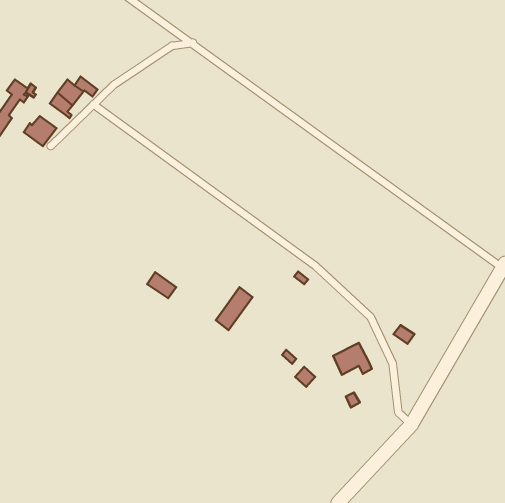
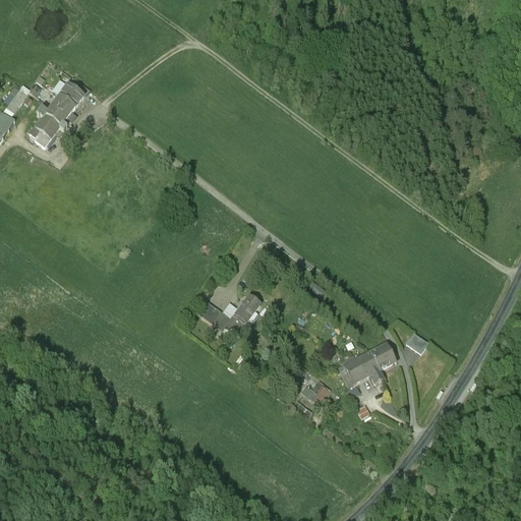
building: none -> [35,106,66,134]
building: [147,272,176,298] -> [199,301,229,328]
building: none -> [367,342,395,370]

